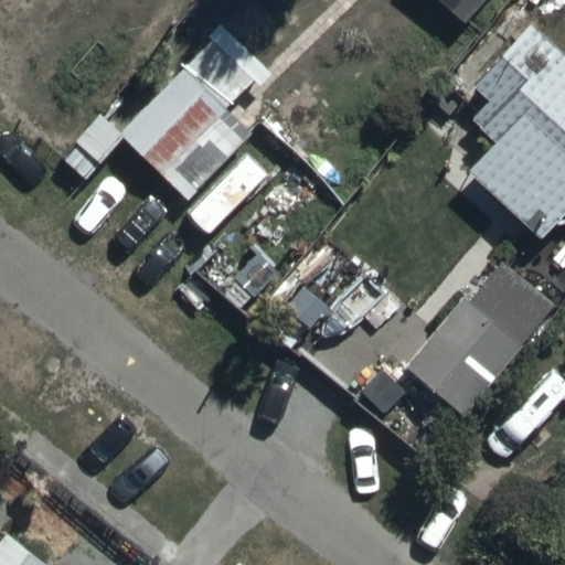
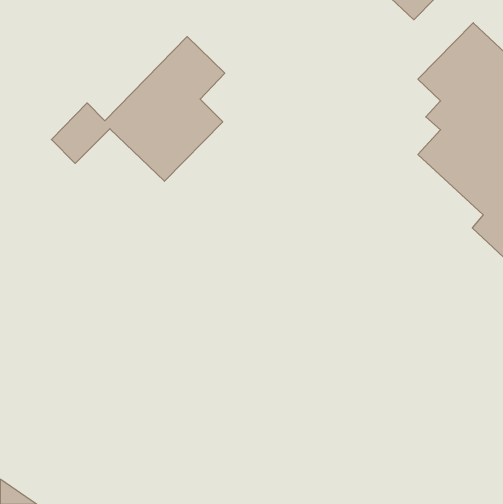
building: [416,259,556,387] -> none

